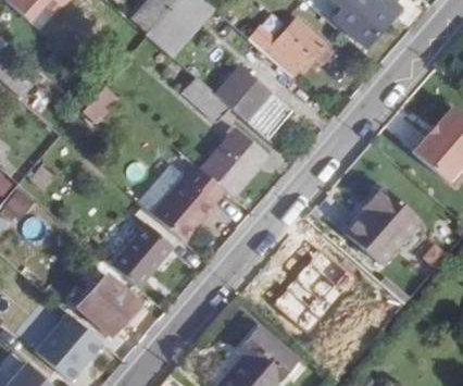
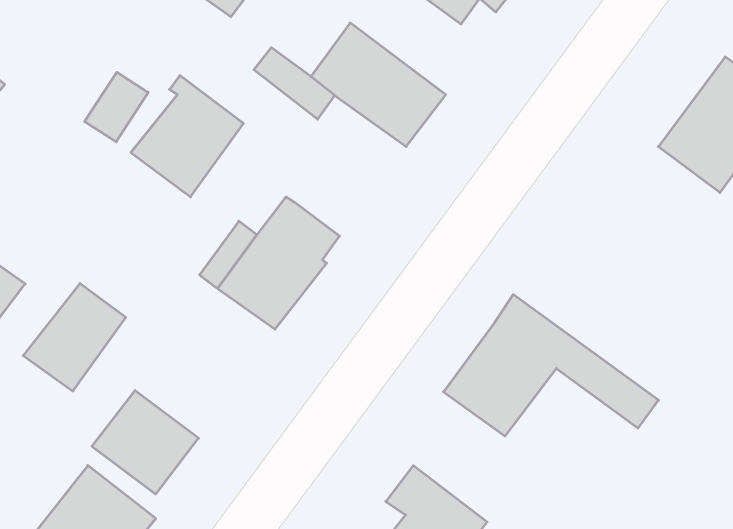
building: [199,125,265,196] -> [131,76,243,197]
building: [343,186,416,263] -> none
building: [110,225,171,287] -> [23,283,126,391]

